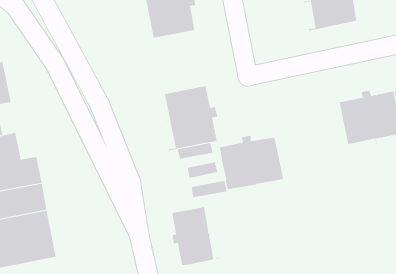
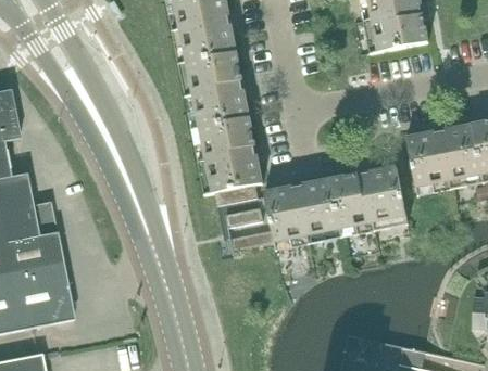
building: none -> [178,52,250,129]
building: none -> [330,164,408,235]
building: [172,205,219,266] -> none

